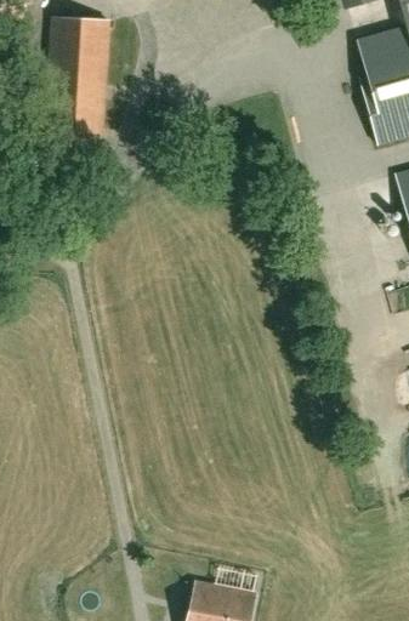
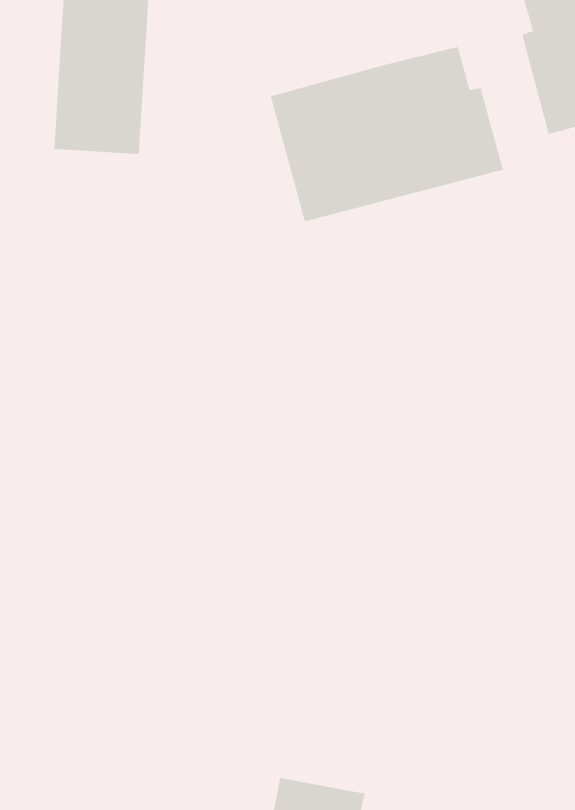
building: none -> [270,46,504,222]

